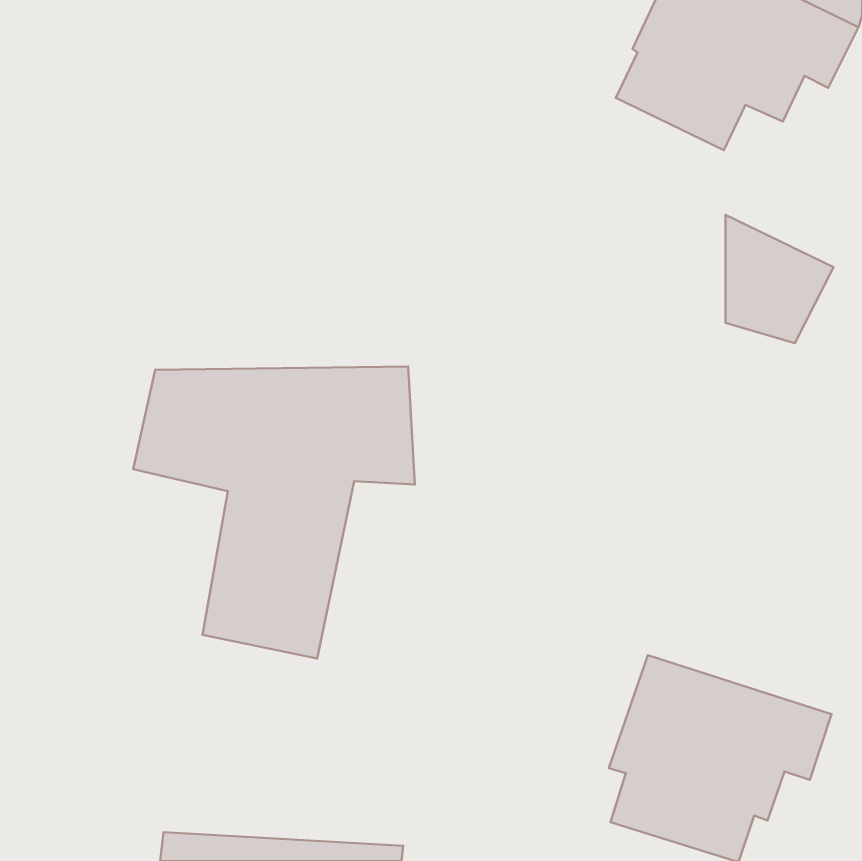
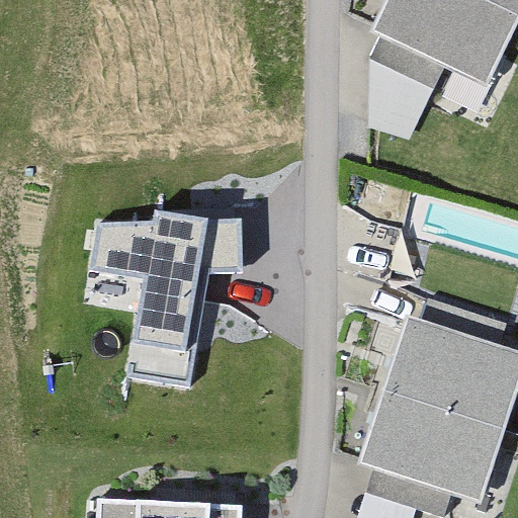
building: [726,215,834,343] -> [369,59,434,136]
building: none -> [388,298,511,428]

